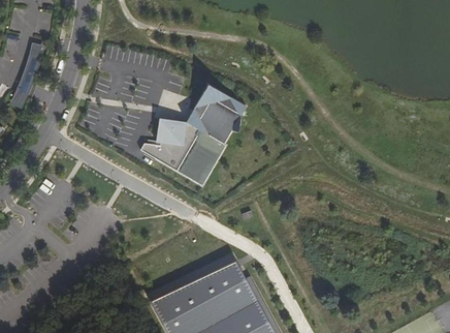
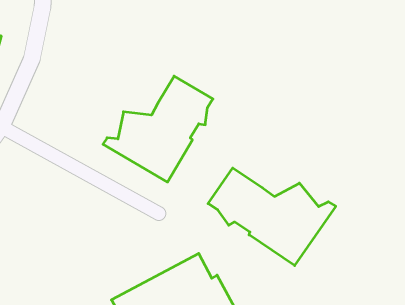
building: none -> [208,168,336,266]

